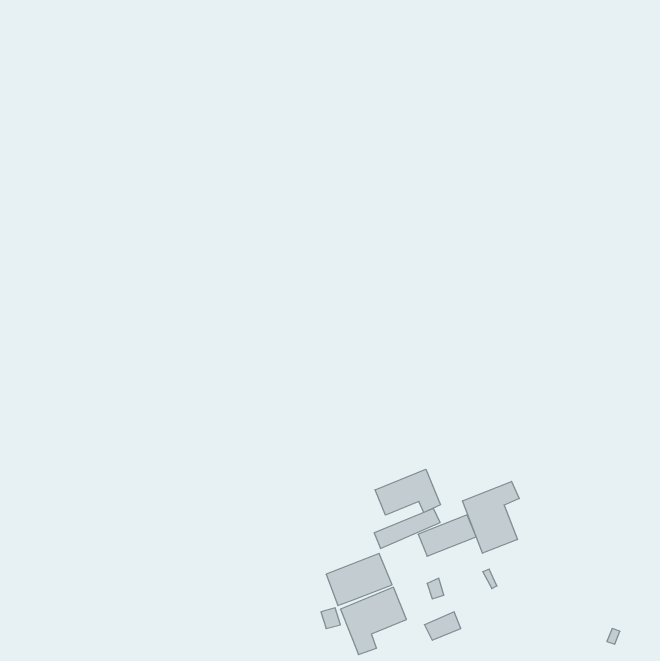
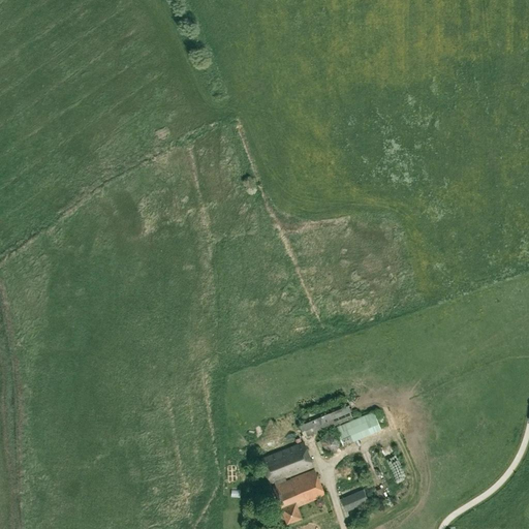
building: [375,469,441,515] -> none
building: [463,481,519,553] -> none

